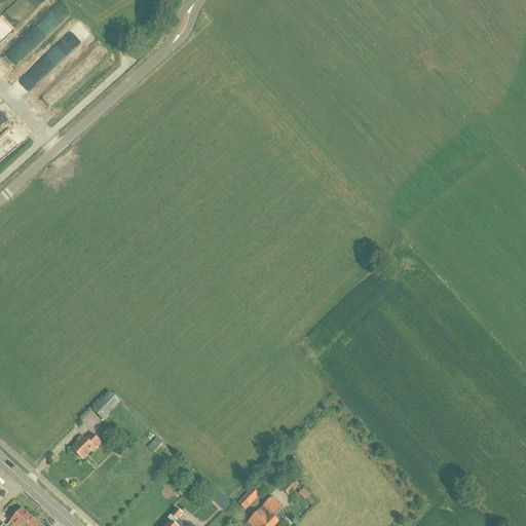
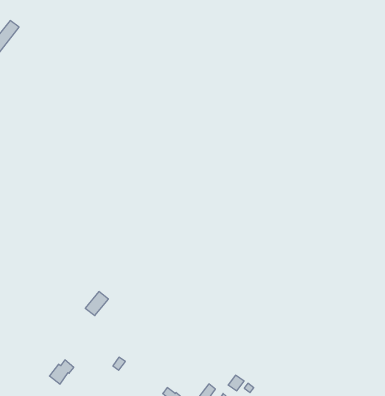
building: [91,391,120,419] -> [85,292,108,316]

